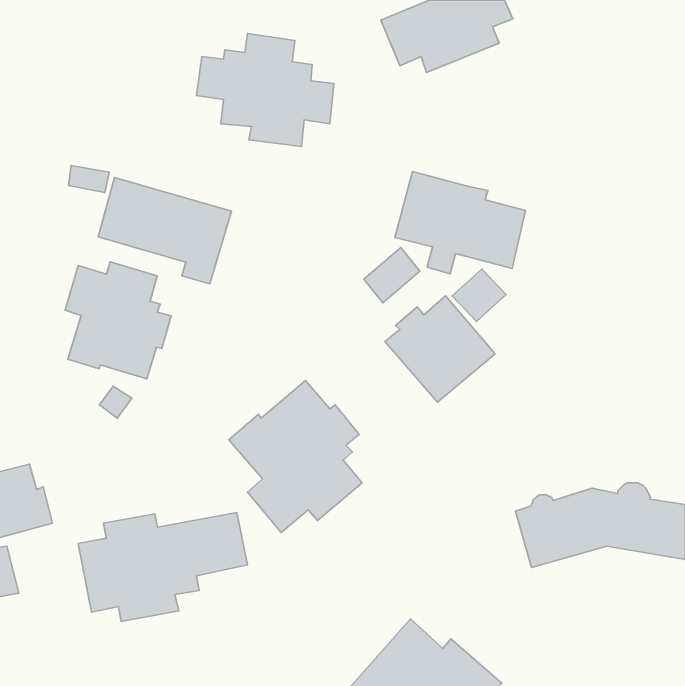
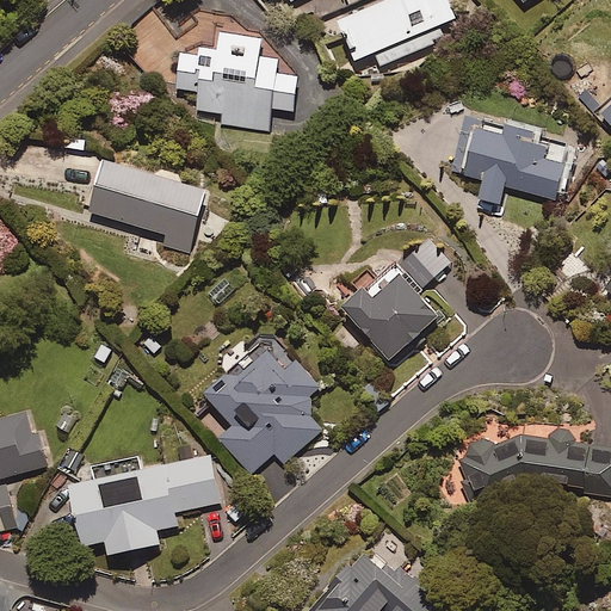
building: [395,172,526,274] -> [450,112,566,203]
building: [364,247,420,303] -> none
building: [65,262,171,379] -> none

